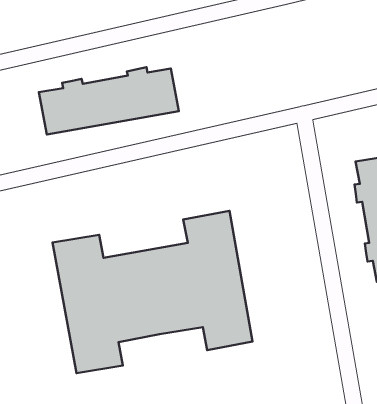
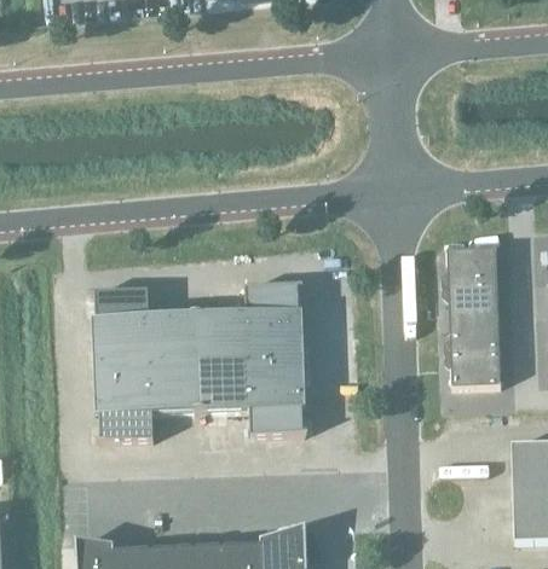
building: [39,67,179,135] -> none

